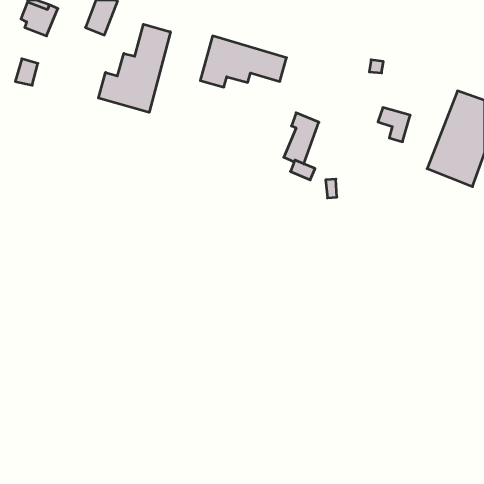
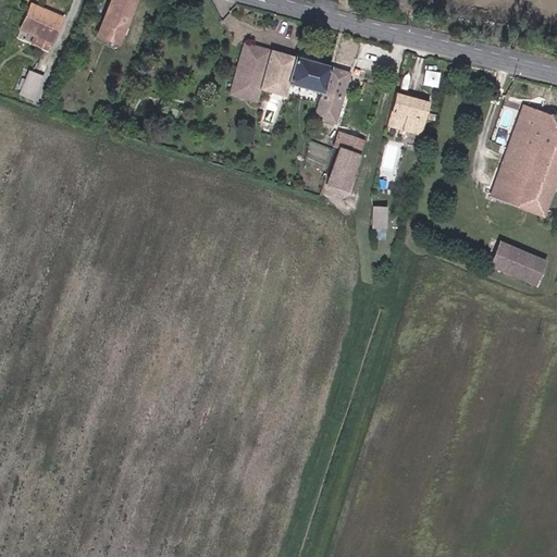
building: [98,24,170,112] -> none
building: none -> [315,66,351,123]
building: [378,108,410,142] -> [393,94,430,133]
building: none -> [491,242,547,284]

